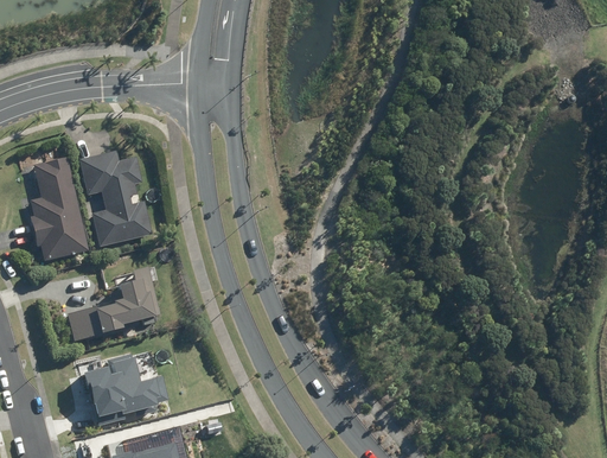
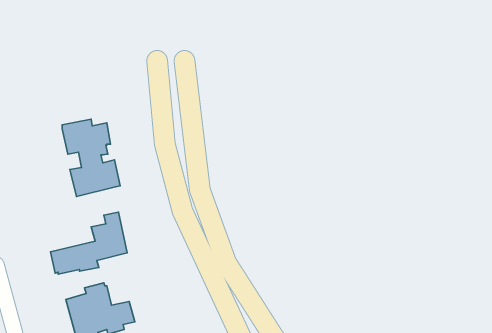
building: [31,160,82,257] -> none

